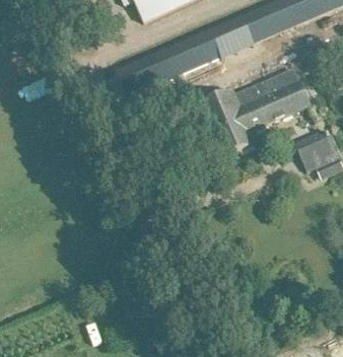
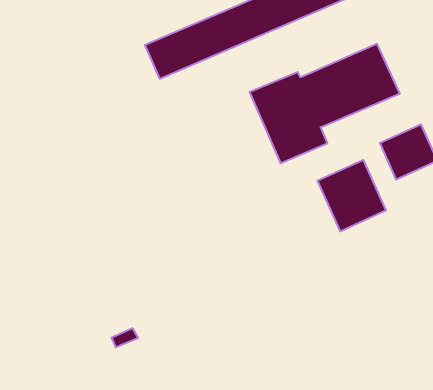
building: none -> [317,160,386,231]

